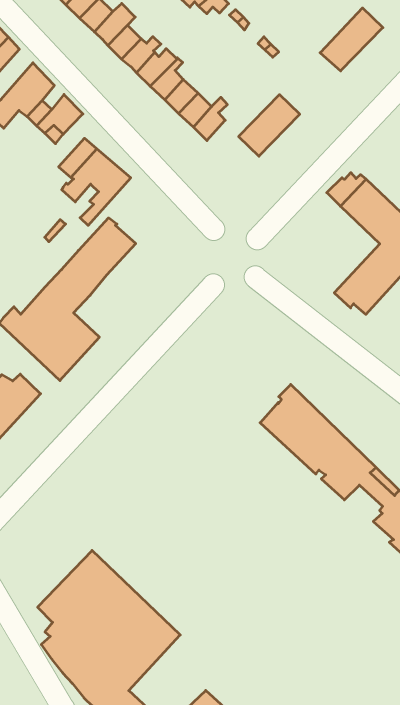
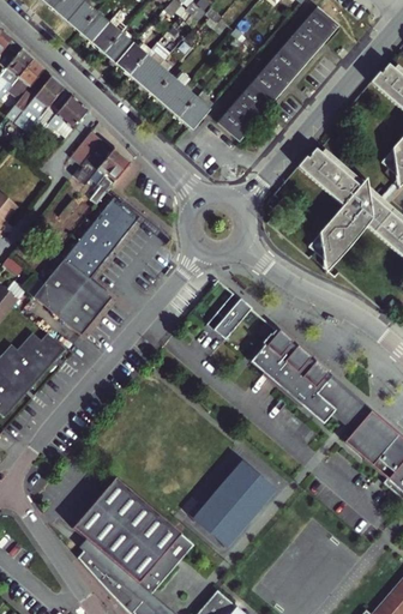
building: none -> [252,48,302,101]
building: none -> [217,294,252,341]
building: none -> [191,458,277,548]

